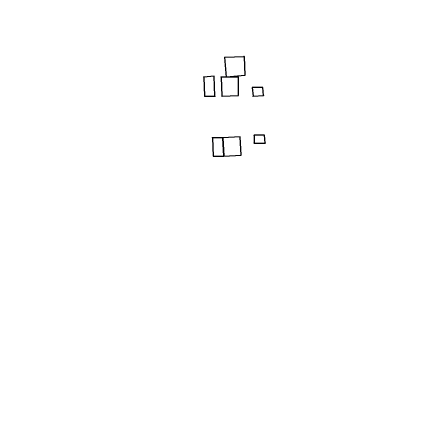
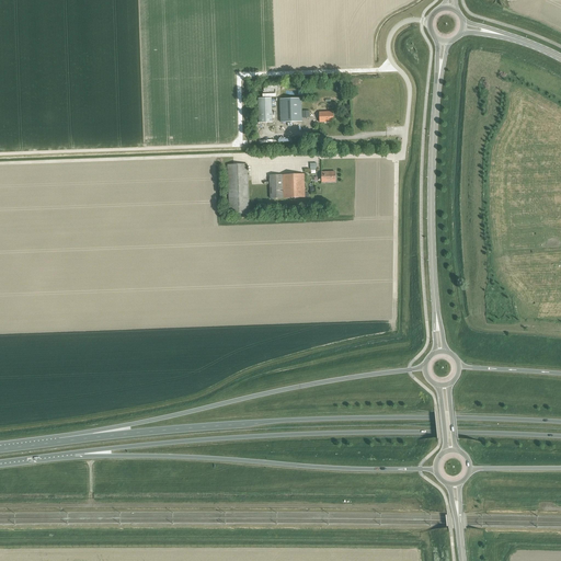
building: [225,56,245,77] -> none
building: none -> [228,163,249,213]

